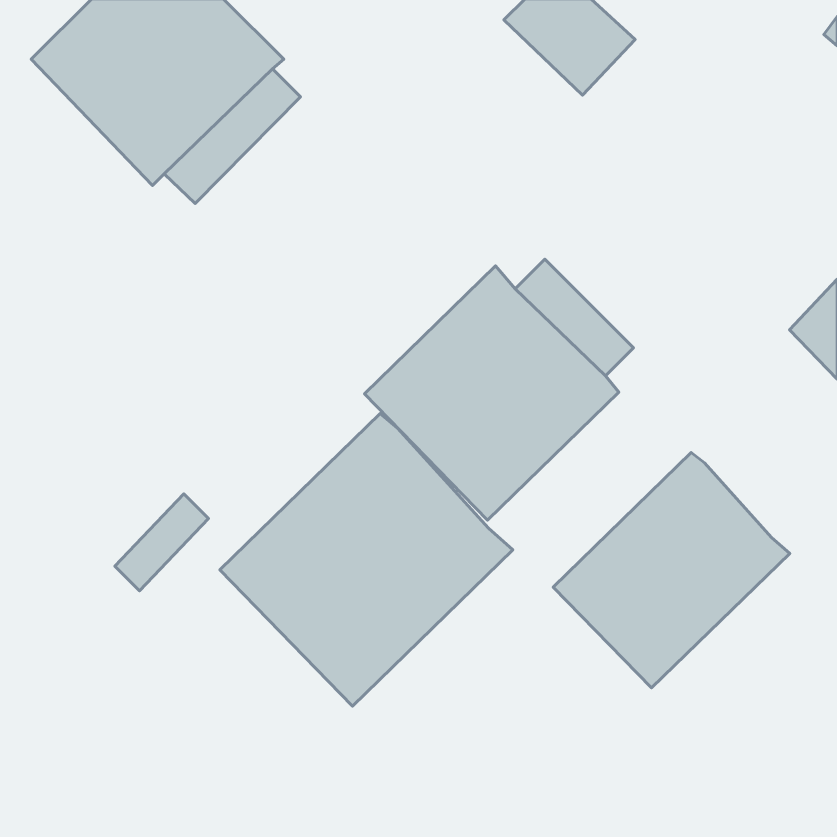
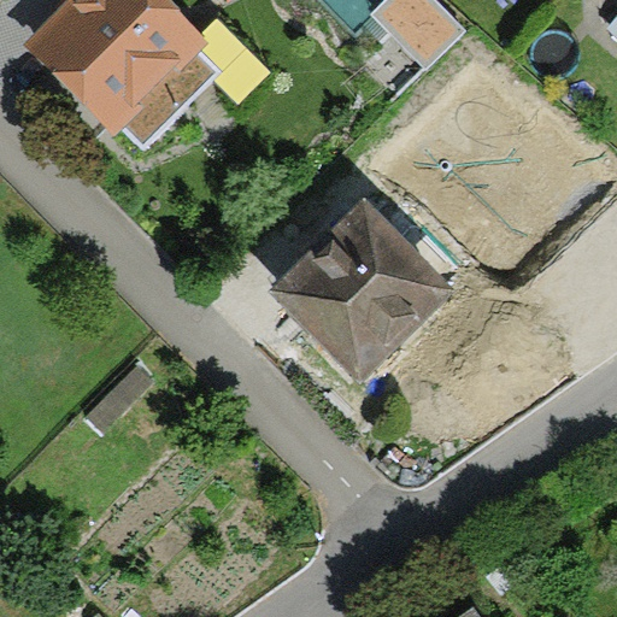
building: [220,414,513,706] -> none
building: [553,452,790,688] -> none

